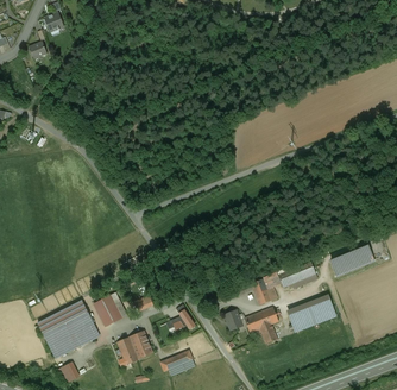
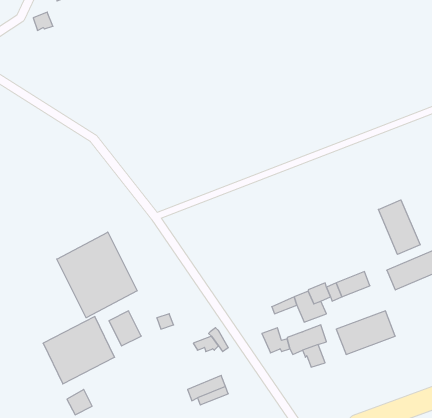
building: none -> [378,200,420,254]
building: none -> [57,232,137,318]
building: [116,331,153,365] -> none

